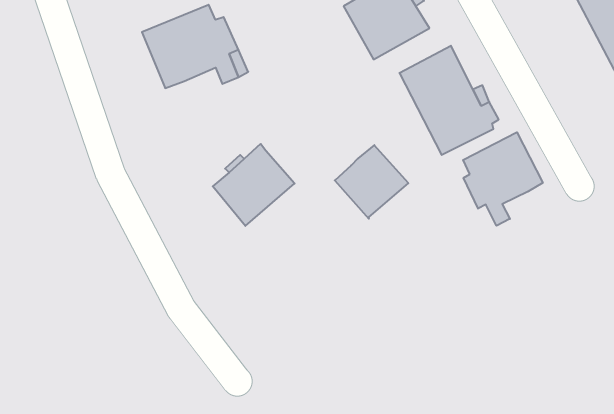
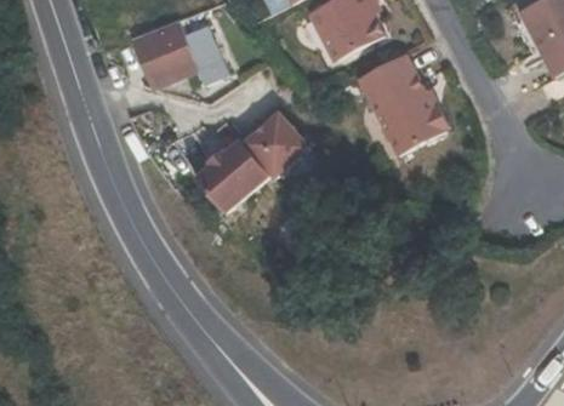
building: [463,132,543,226] -> none
building: [335,145,408,219] -> [243,113,308,178]

